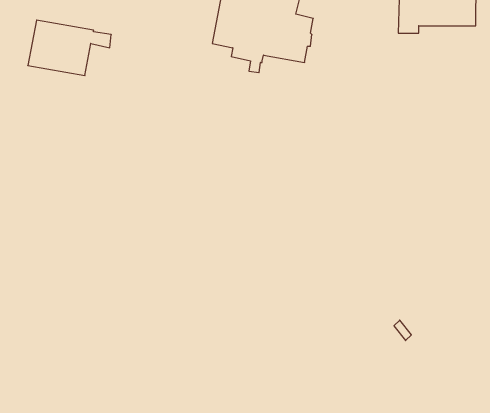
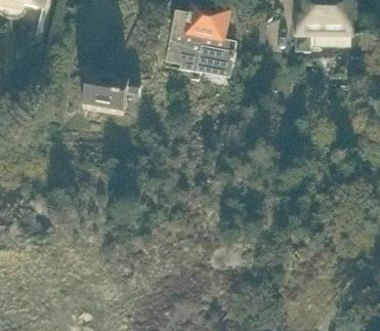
building: [28,20,111,76] -> [81,73,139,112]

